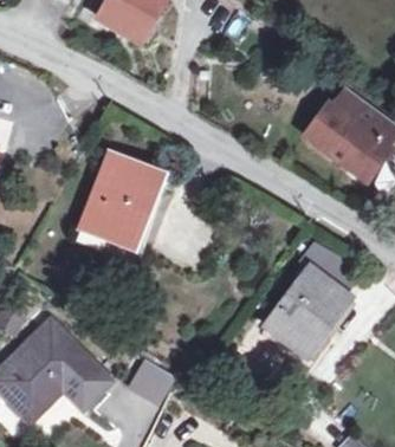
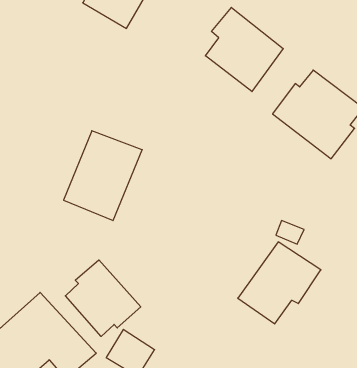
building: none -> [205,7,283,92]
building: none -> [65,260,141,336]

